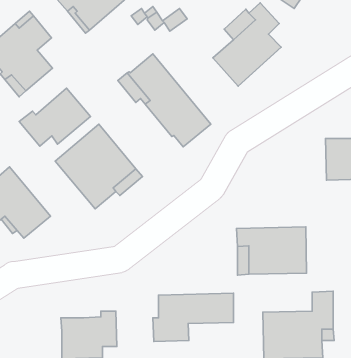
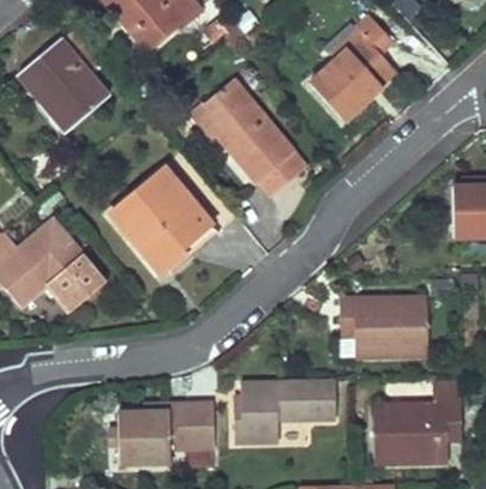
building: [19,88,91,146] -> none
building: none -> [187,402,215,447]

